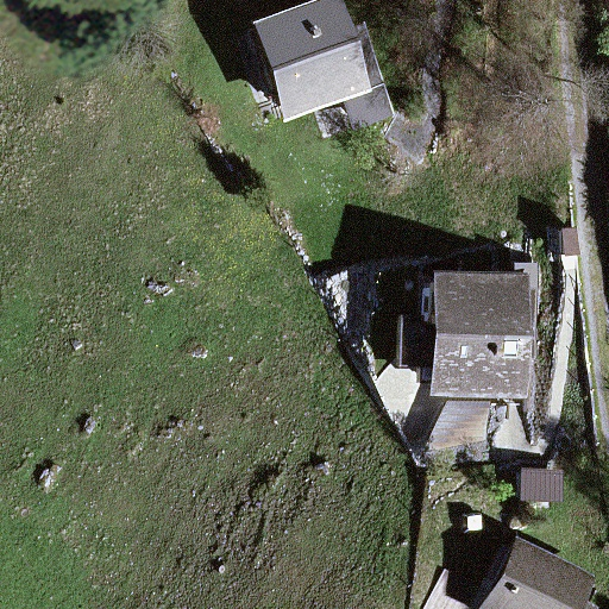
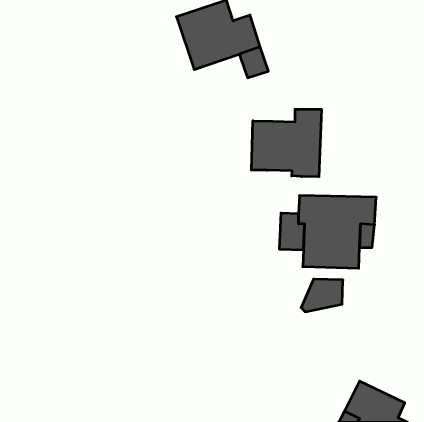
building: none -> [251,109,321,177]

